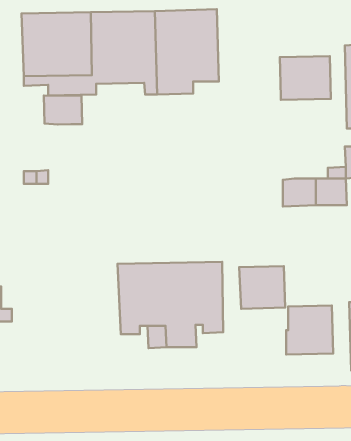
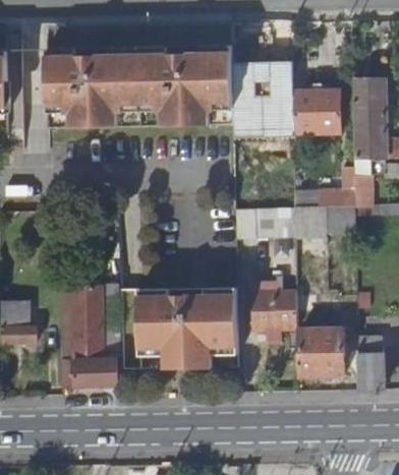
building: none -> [232,61,292,129]
building: [44,95,82,124] -> none
building: none -> [234,207,294,237]
building: none -> [61,285,117,385]

